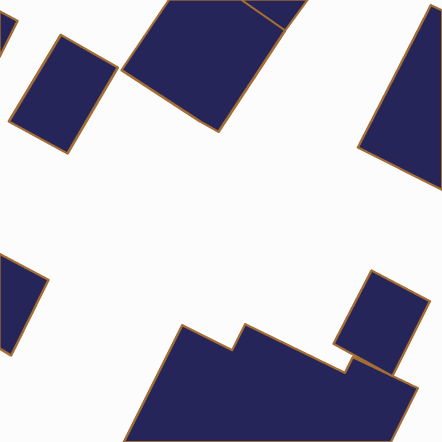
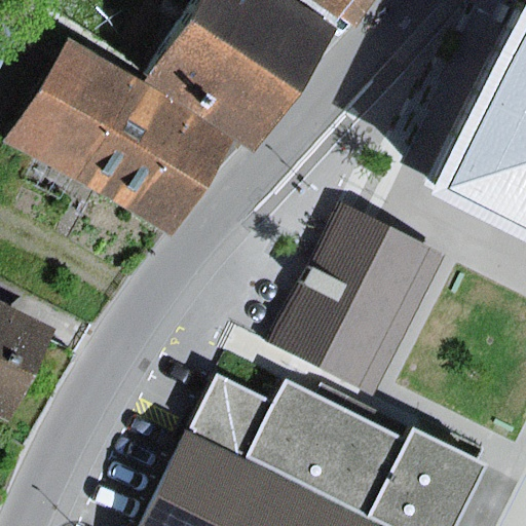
building: none -> [80,80,237,238]
building: none -> [268,211,422,386]
building: [334,271,430,376] -> none

